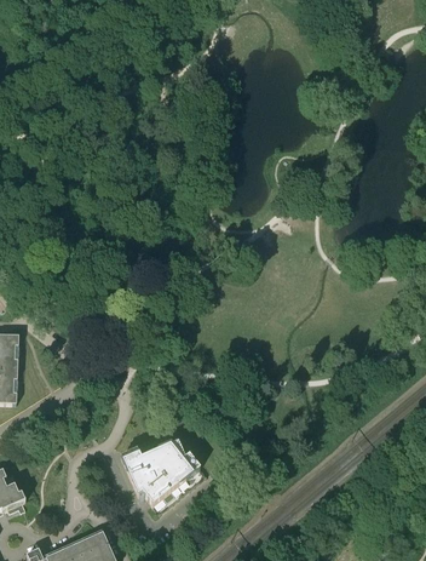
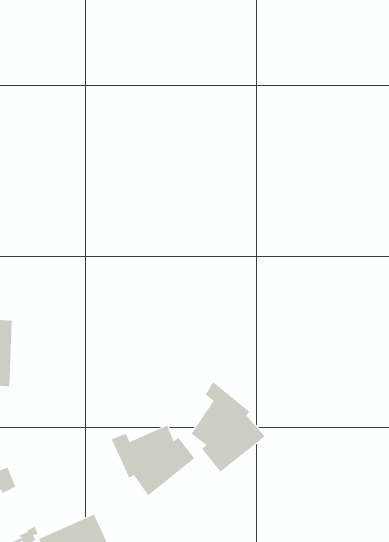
building: none -> [191,381,266,472]

